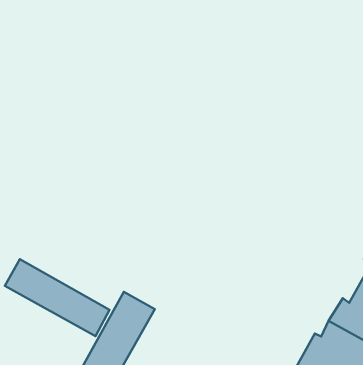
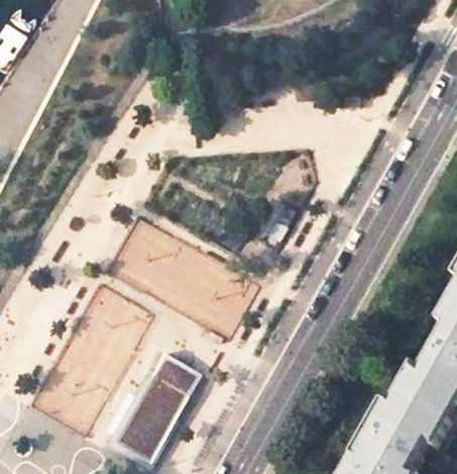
building: [5,259,110,336] -> none

